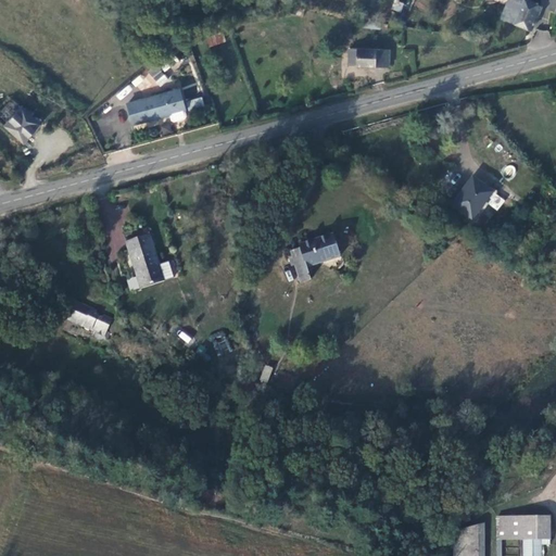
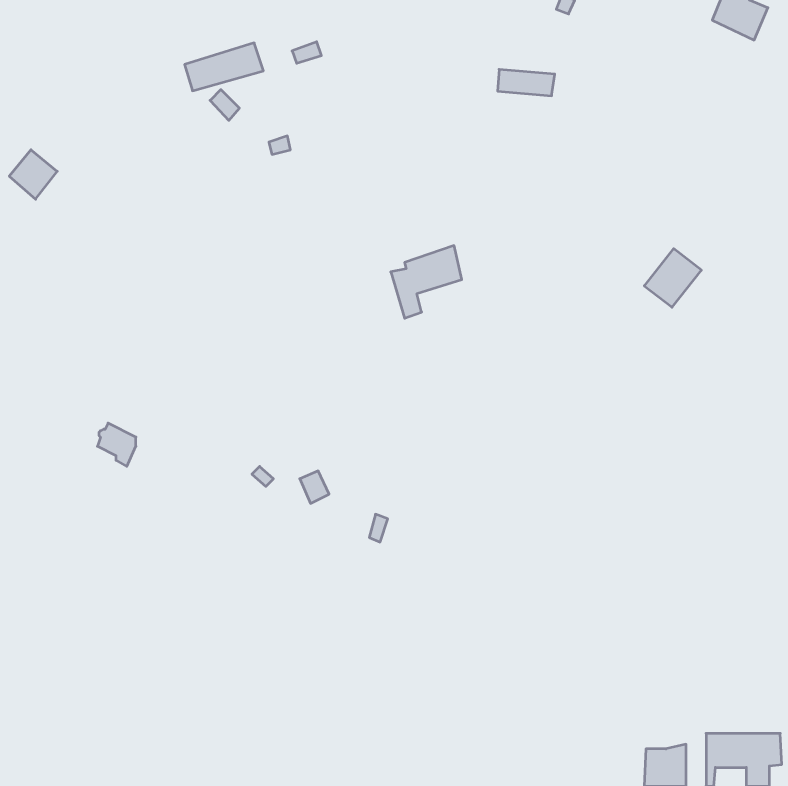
building: [130,89,186,123] -> [185,43,263,91]
building: [295,226,345,277] -> [391,246,462,318]
building: [127,233,163,287] -> none

